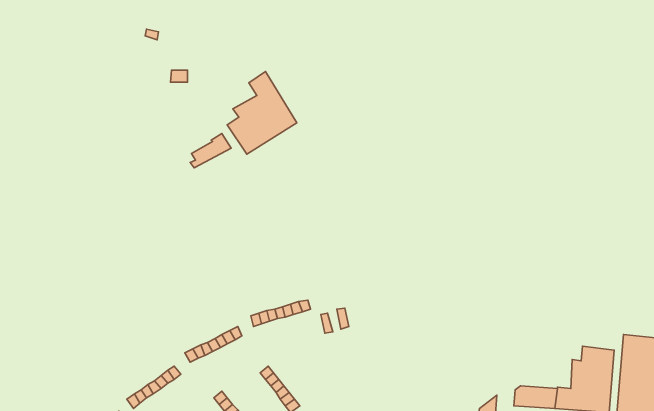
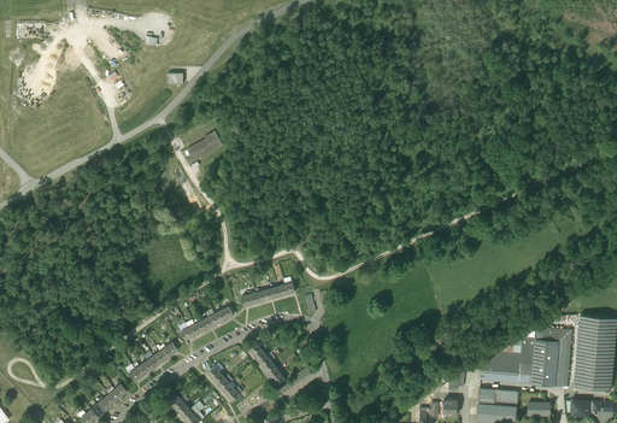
building: [227,72,297,154] -> none
building: none -> [487,336,534,363]

